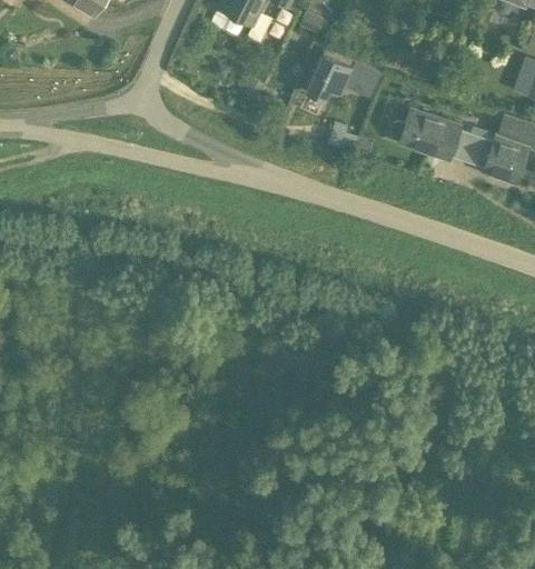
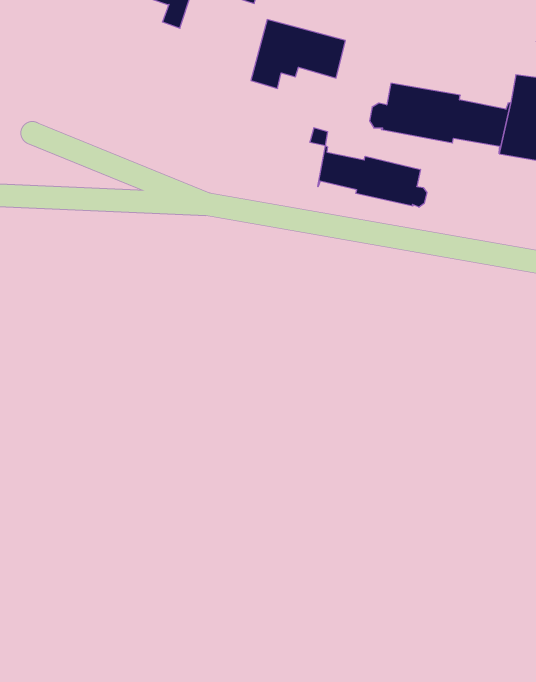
building: none -> [318,146,427,207]

